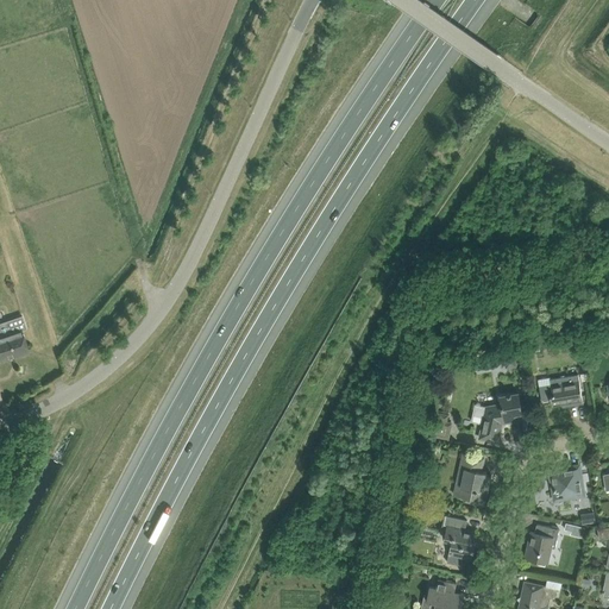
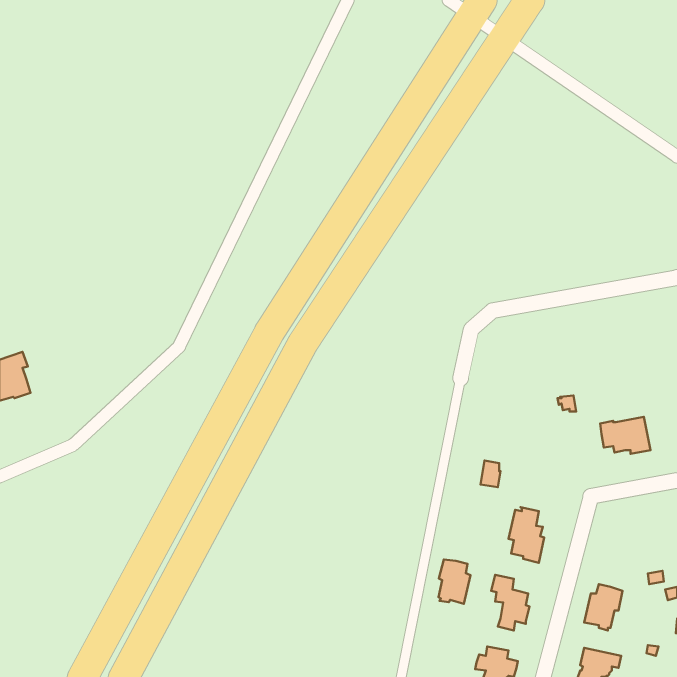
building: [478,394,521,442] -> none
building: [550,467,583,500] -> none
building: none -> [438,559,471,604]

